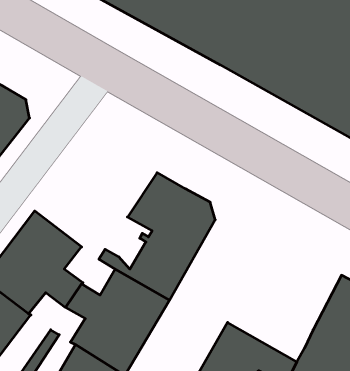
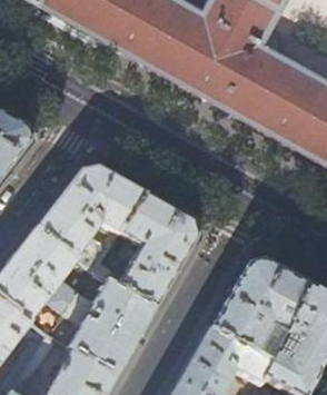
building: none -> [36,165,146,270]
building: none -> [209,257,311,363]

